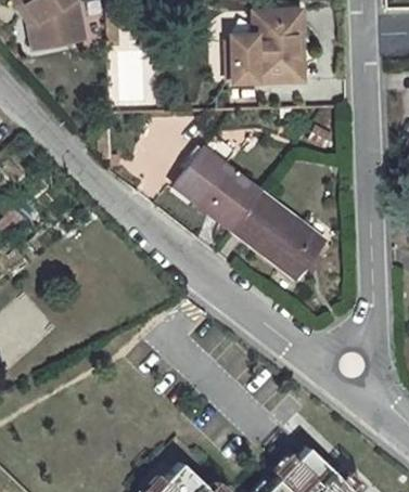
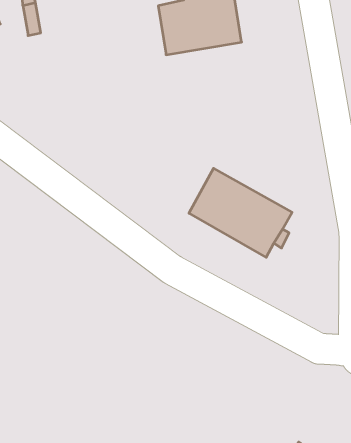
building: [172,146,258,228] -> none

